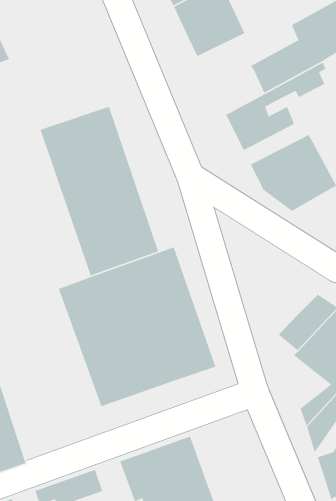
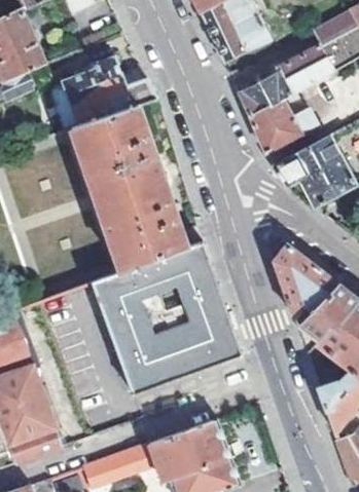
building: none -> [65,55,155,126]
building: none -> [238,72,286,114]
building: none -> [273,242,337,317]

